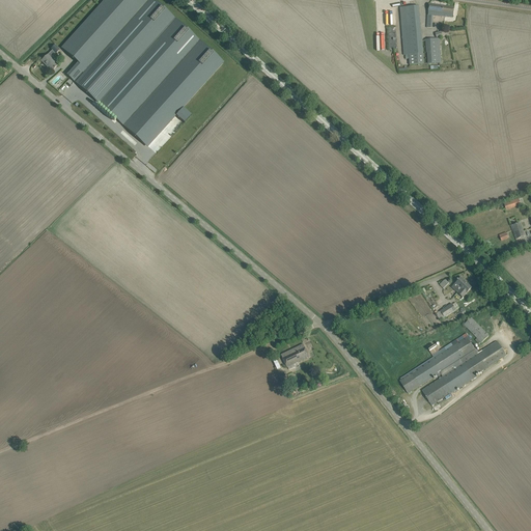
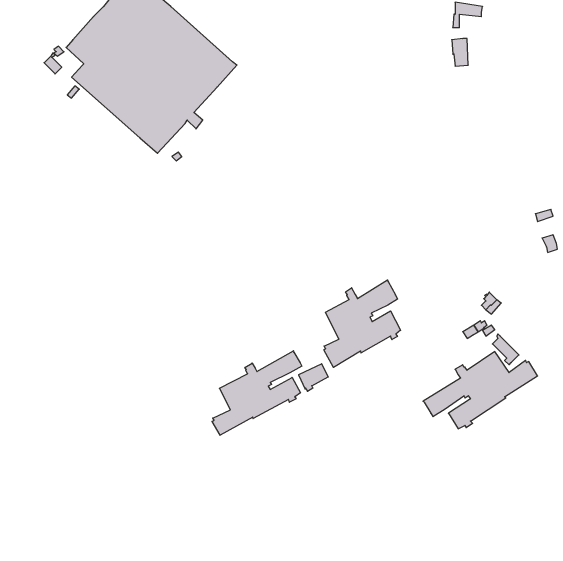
building: [400,4,424,63] -> none
building: none -> [324,280,401,367]
building: none -> [212,351,302,435]

